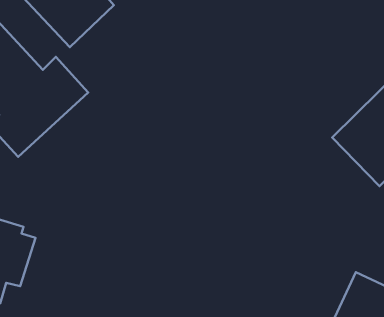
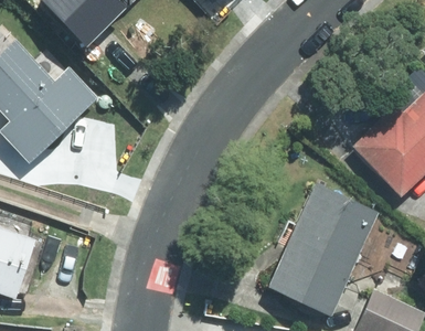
building: none -> [267,182,378,317]

